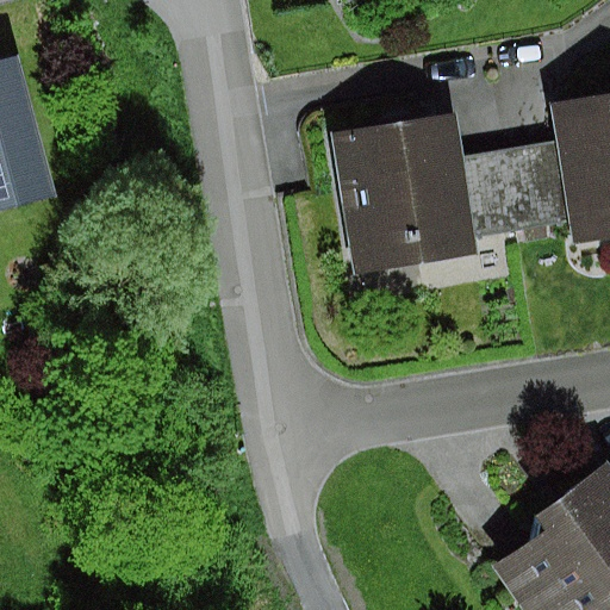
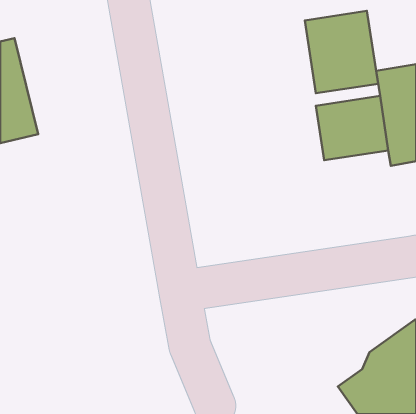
building: none -> [305,11,378,93]
building: [334,113,478,274] -> none

